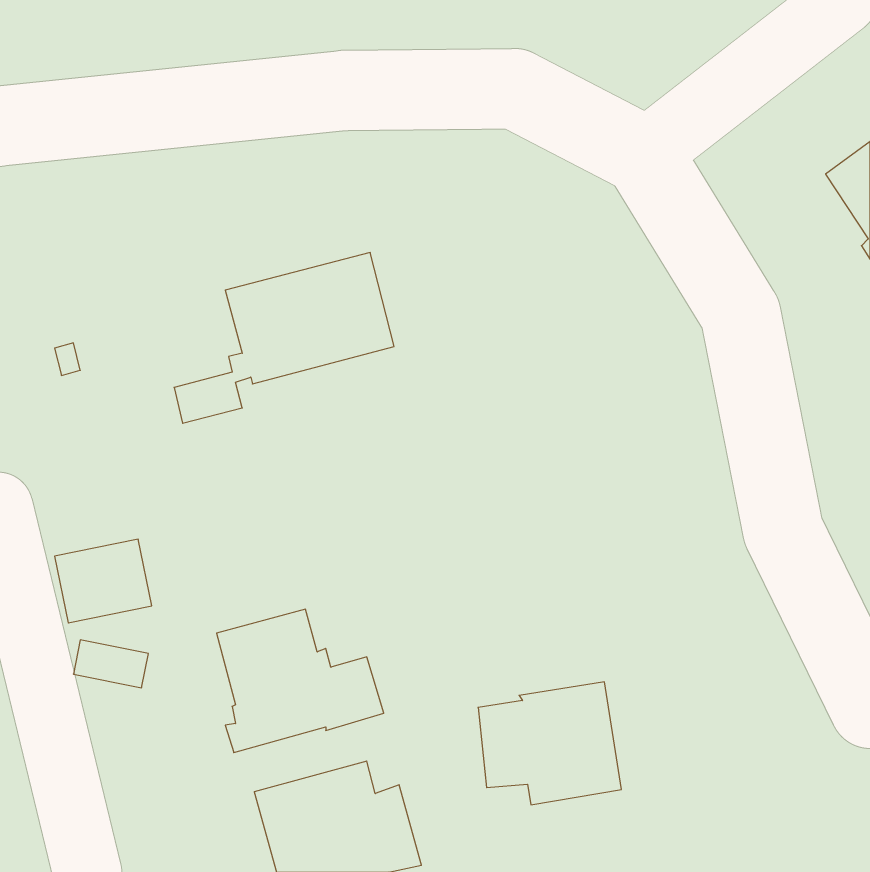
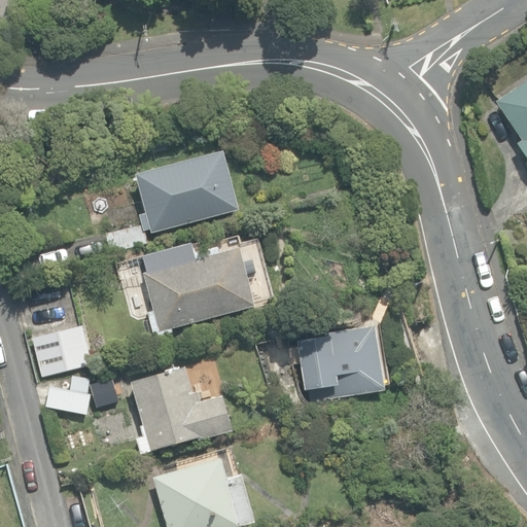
building: none -> [142,246,254,337]
building: [478,682,621,805] -> [296,325,383,399]

